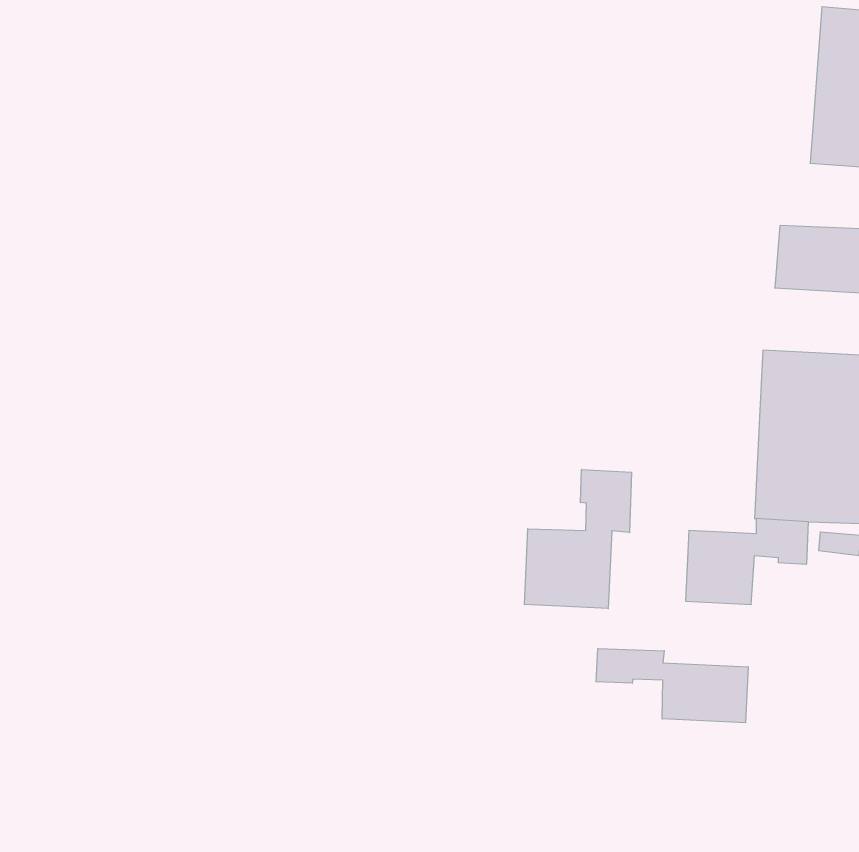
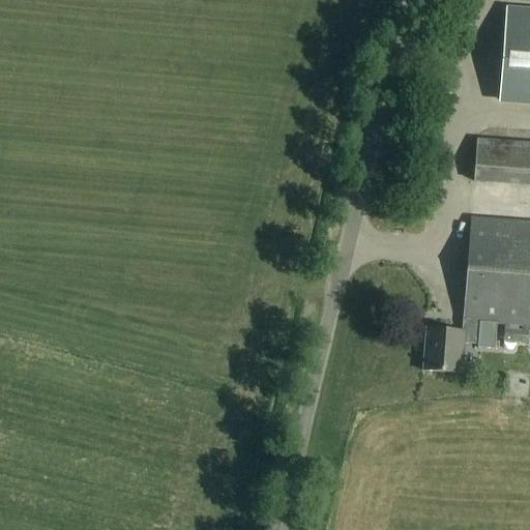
building: [524,469,631,609] -> none
building: [596,648,748,723] -> none

